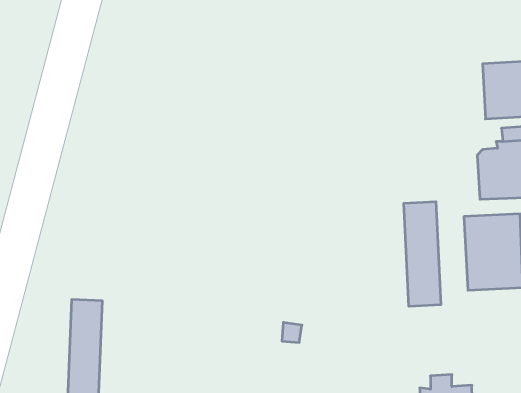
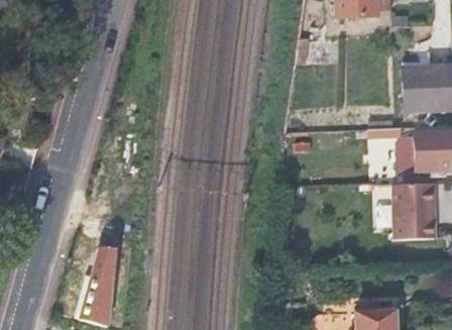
building: [404,202,441,306] -> none

